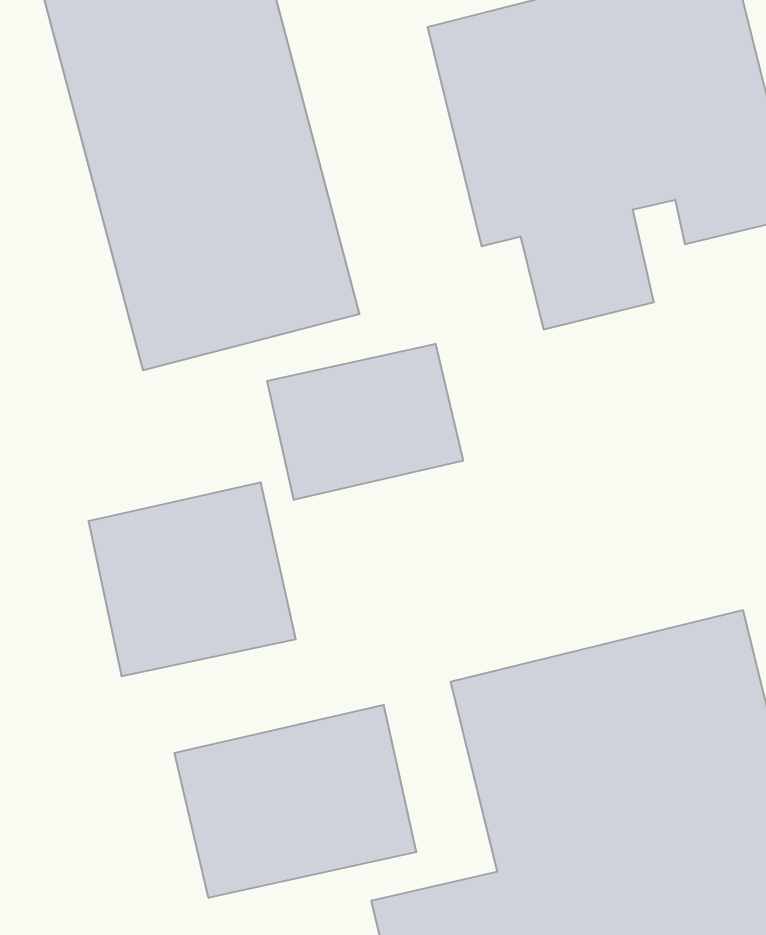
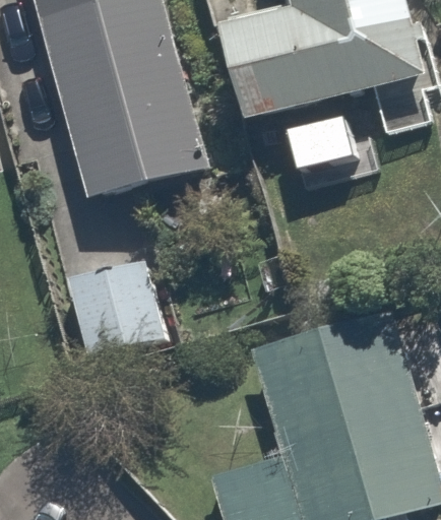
building: [267,344,463,500] -> none
building: [175,705,416,898] -> none

